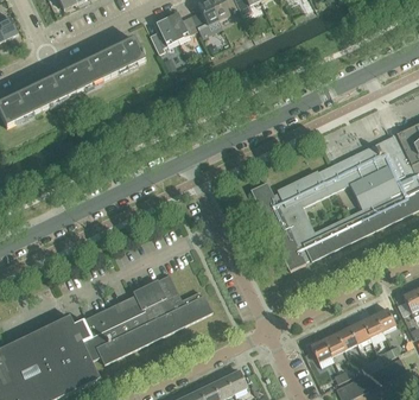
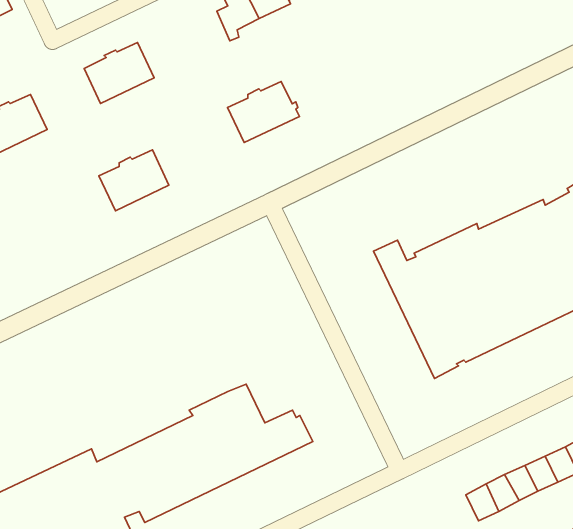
building: [100,37,146,76] -> [228,82,300,142]
building: [31,70,76,109] -> [99,150,169,211]

